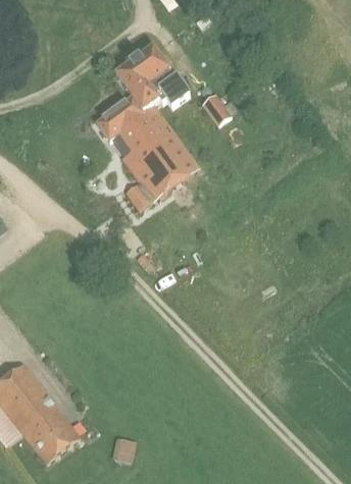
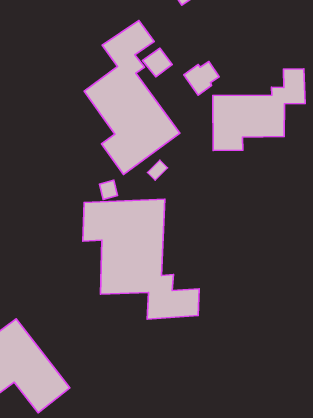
building: none -> [213,69,305,150]
building: none -> [83,199,199,319]

